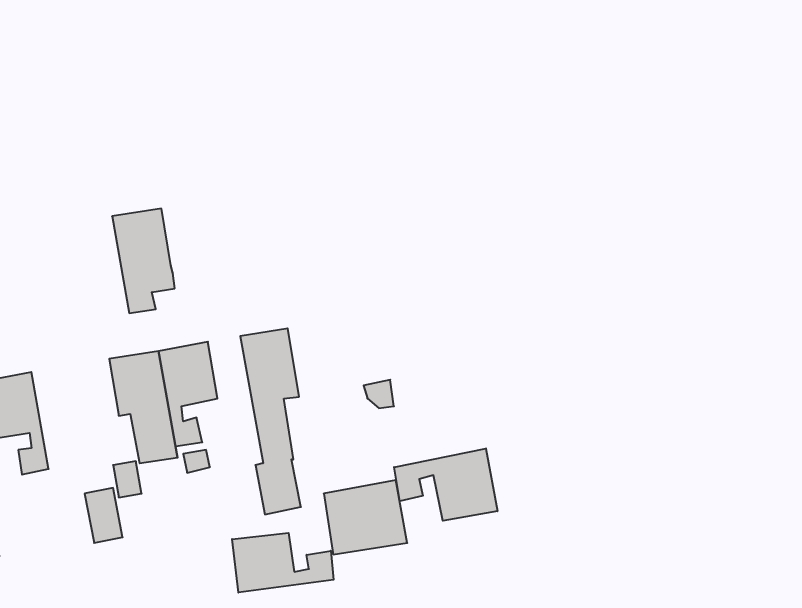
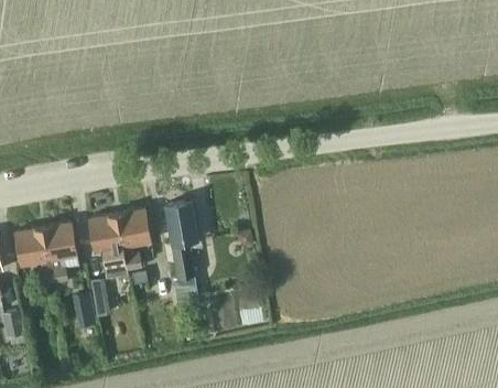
building: [112,209,175,313] -> [42,222,78,282]
building: [394,448,497,521] -> none
building: [232,533,334,593] -> none

